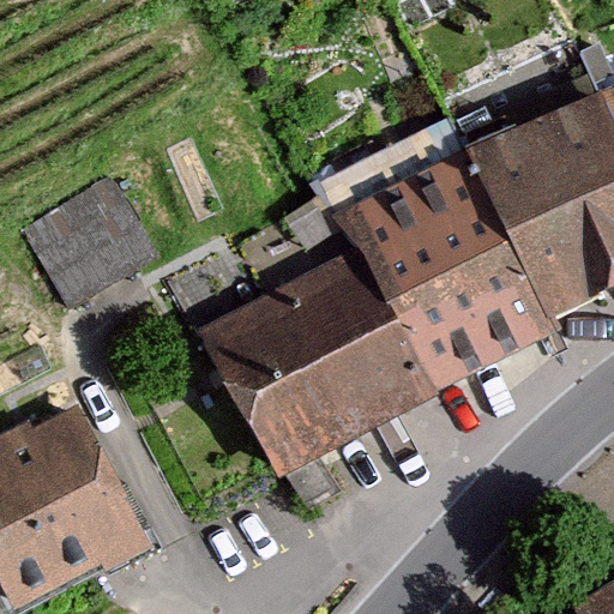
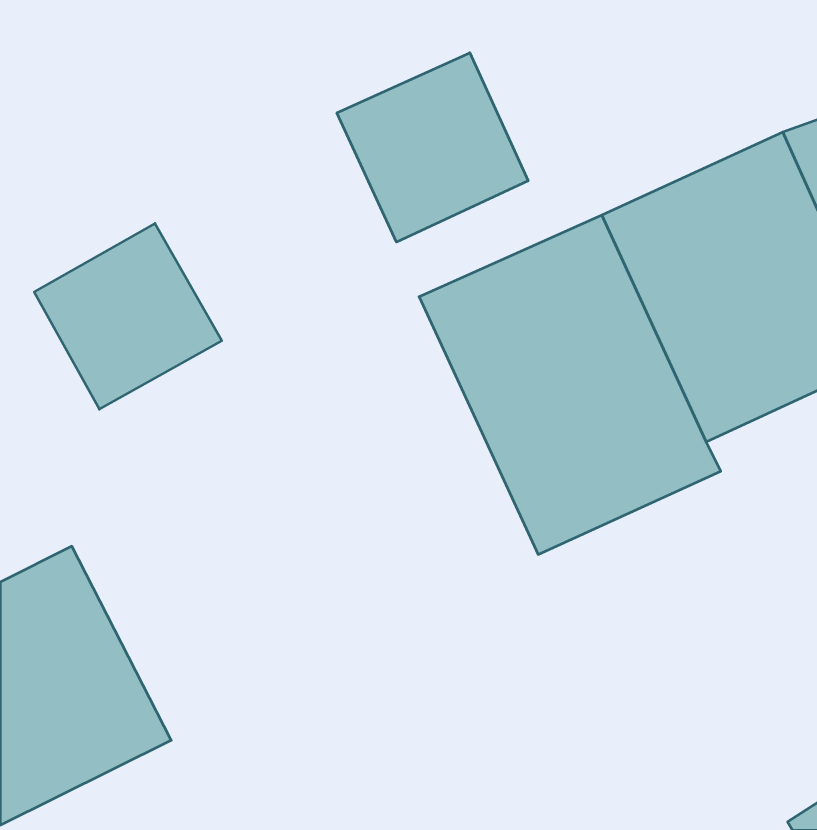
building: none -> [337,53,528,242]
building: [187,260,408,480] -> none

